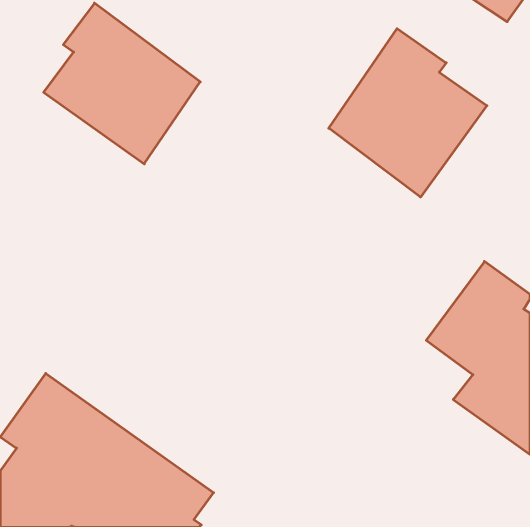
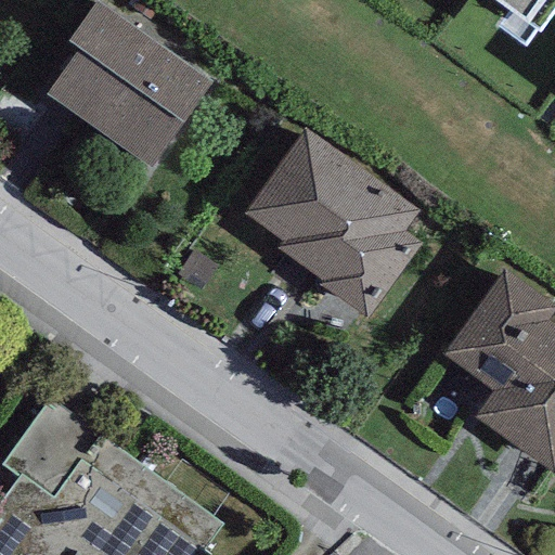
building: [329,29,487,197] -> none
building: none -> [244,129,421,317]

